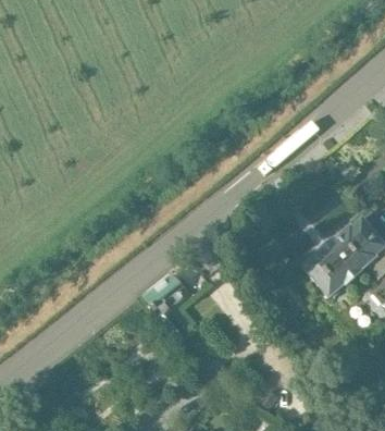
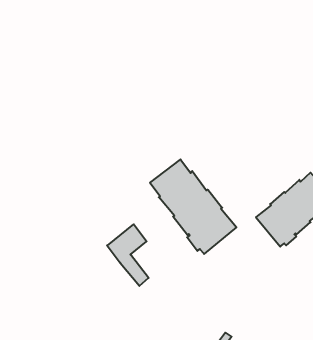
building: none -> [150,159,236,254]

